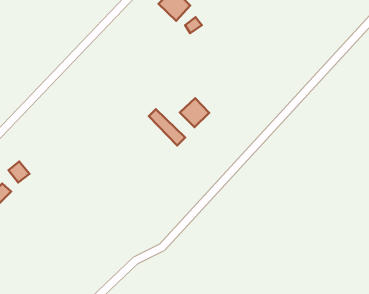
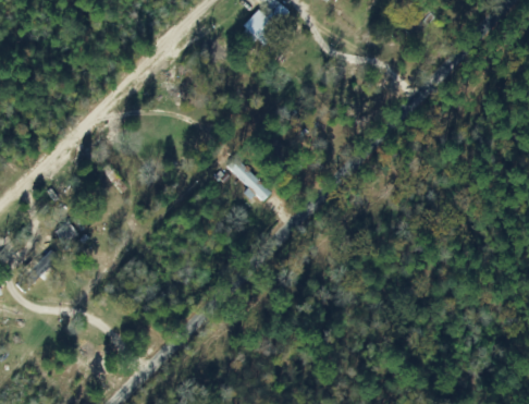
building: [180,98,209,127] -> none

